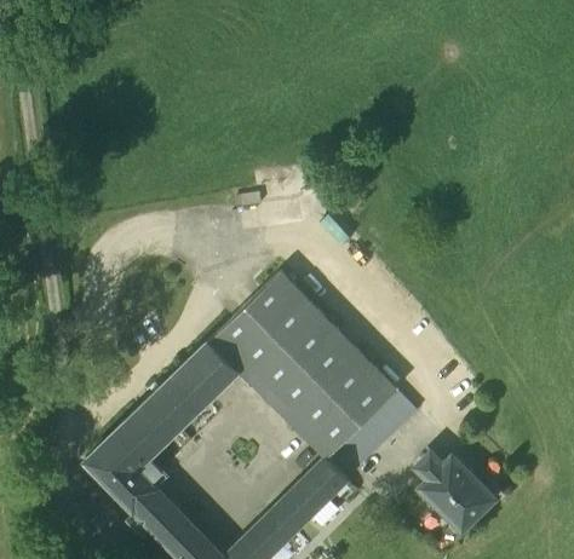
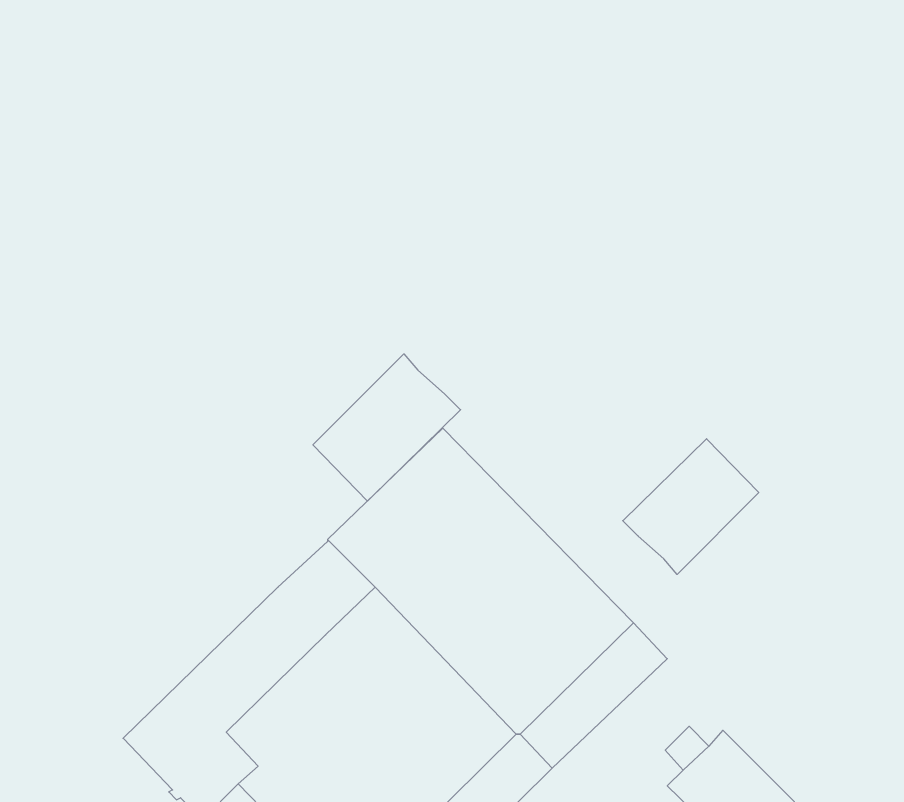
building: none -> [313,354,461,501]
building: none -> [623,439,759,574]

